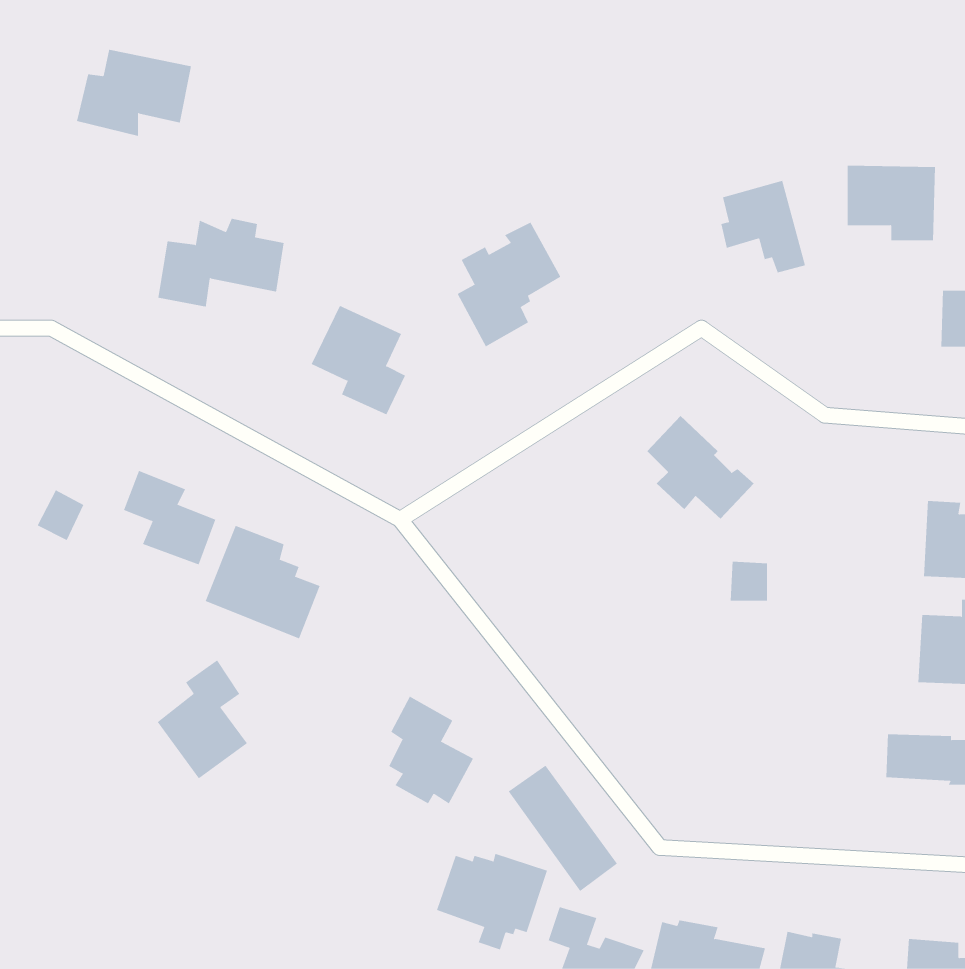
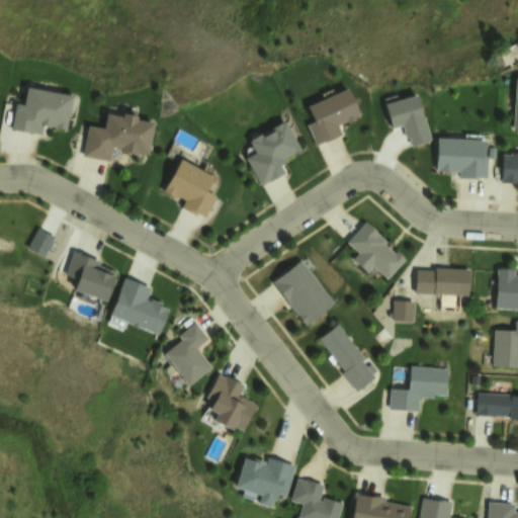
building: [76,49,192,136] -> [12,92,74,139]
building: none -> [307,87,360,143]
building: [847,165,936,241] -> [439,141,487,181]
building: [37,490,84,541] -> [29,232,55,259]
building: none -> [276,262,340,328]
building: none -> [414,266,469,295]
building: [157,660,248,779] -> [167,324,215,387]
building: none -> [391,367,451,414]
building: [508,765,618,892] -> [321,328,379,396]

